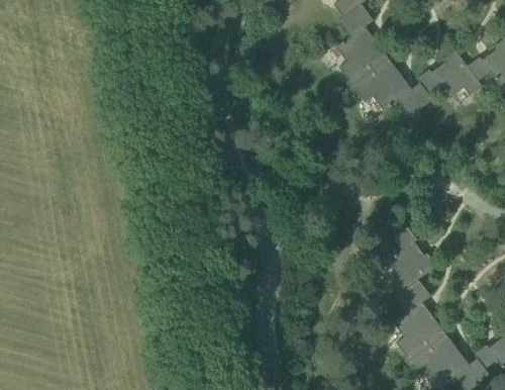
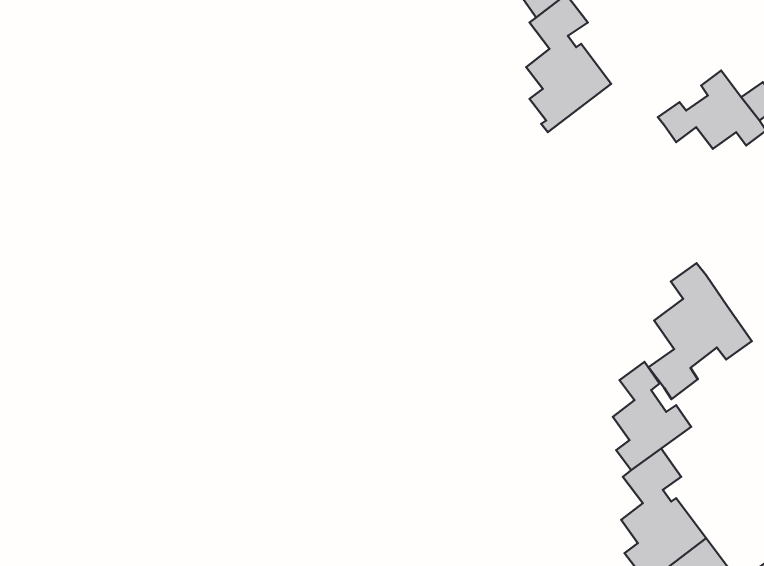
building: [349,58,432,116] -> none
building: none -> [648,263,752,399]

